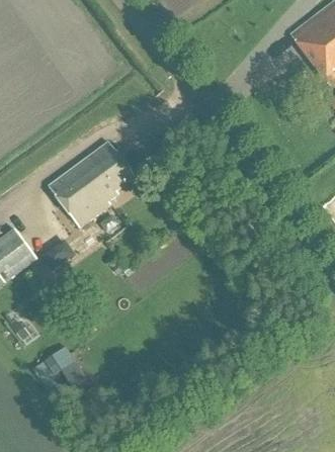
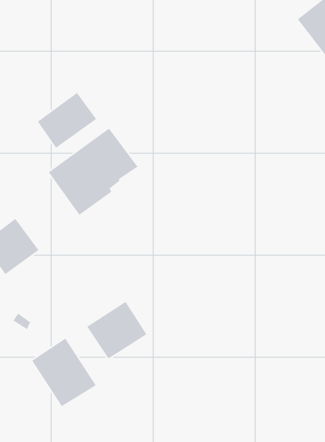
building: none -> [37,92,97,149]
building: none -> [86,301,147,359]

